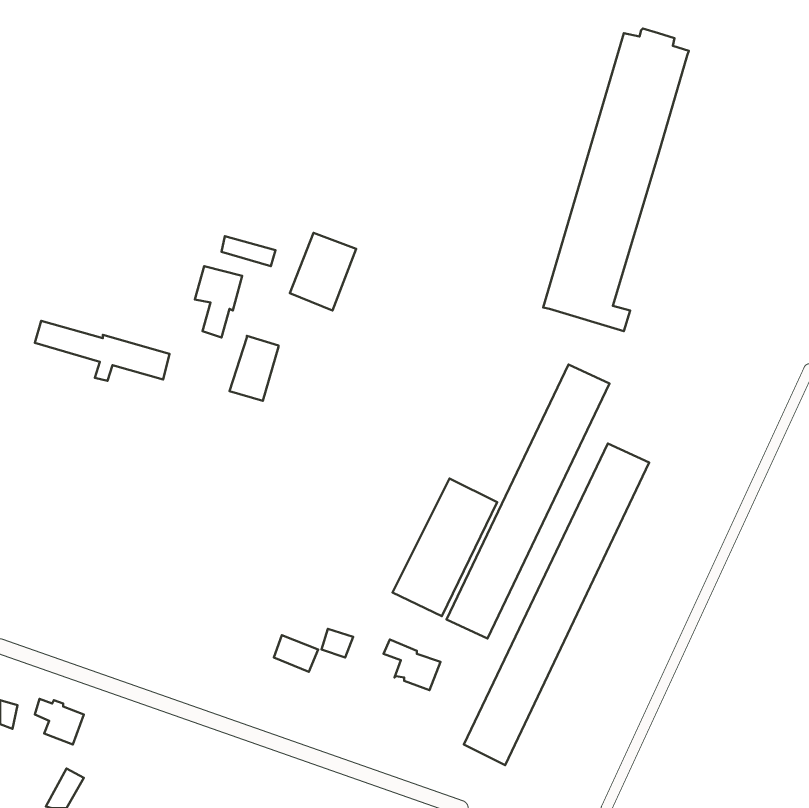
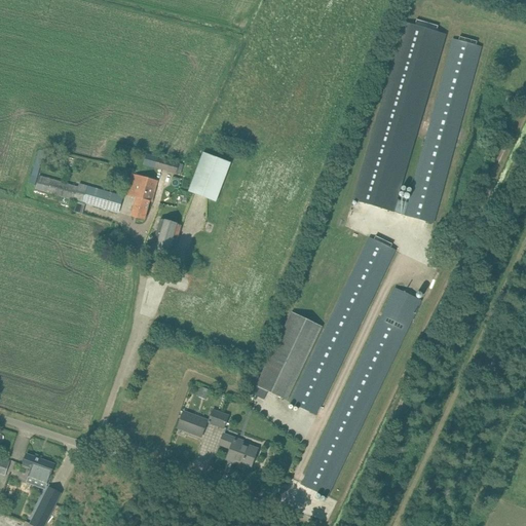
building: none -> [405,36,481,222]
building: [35,321,169,381] -> [35,174,122,213]
building: [383,640,440,690] -> [220,434,257,466]

